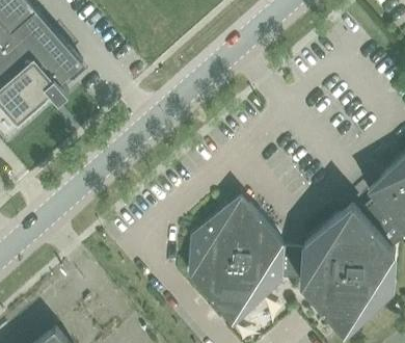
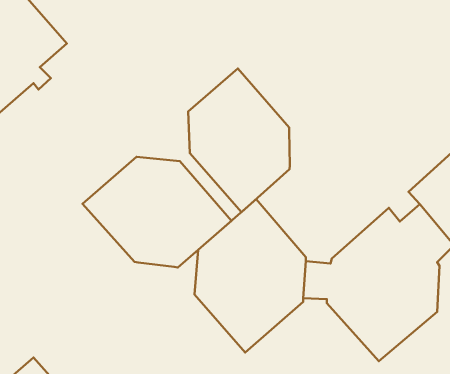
building: none -> [188,69,290,212]
building: none -> [82,157,232,268]

